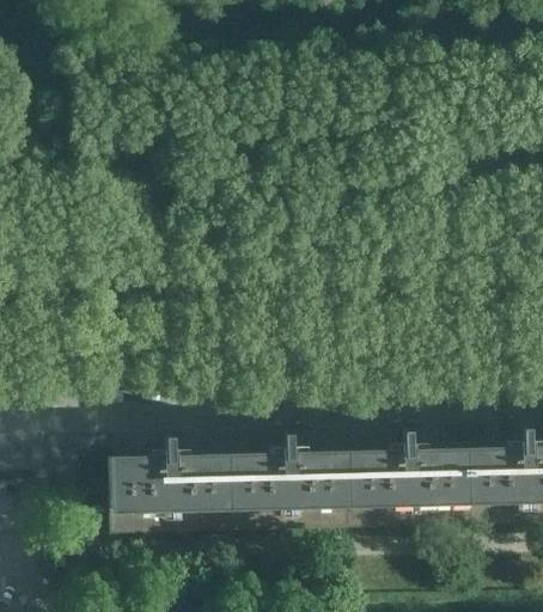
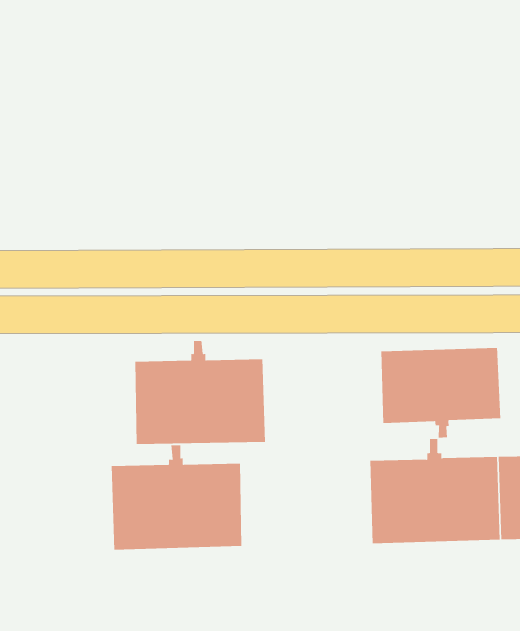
building: none -> [381,347,501,438]
building: [230,420,350,515] -> [135,341,266,445]

